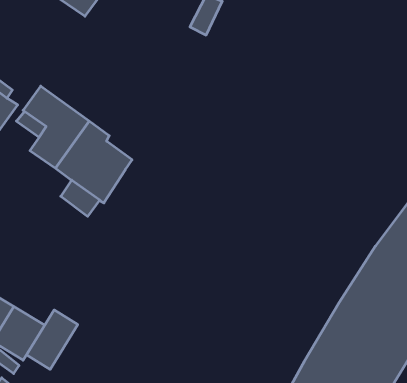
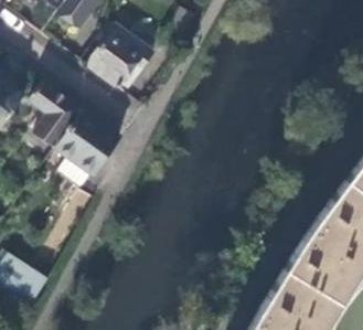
building: none -> [87,26,152,87]
building: [27,310,78,369] -> none

